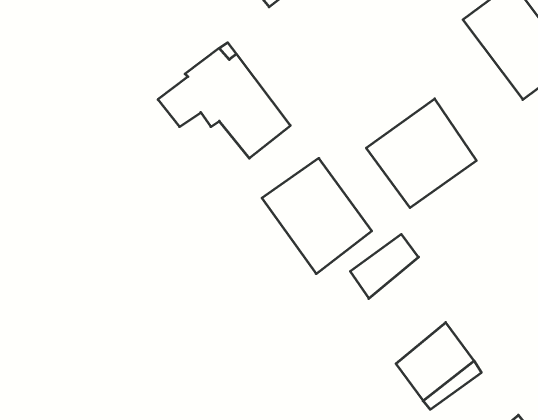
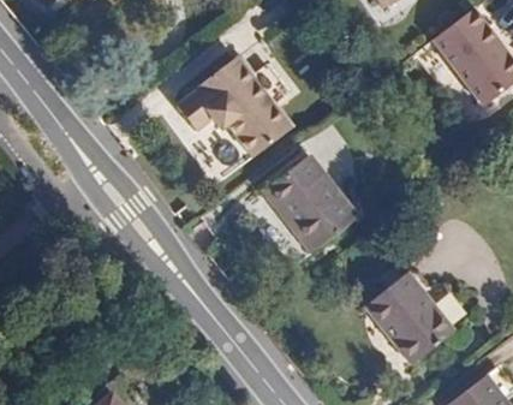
building: [366,99,476,208] -> none
building: [350,234,419,299] -> [362,278,419,332]

